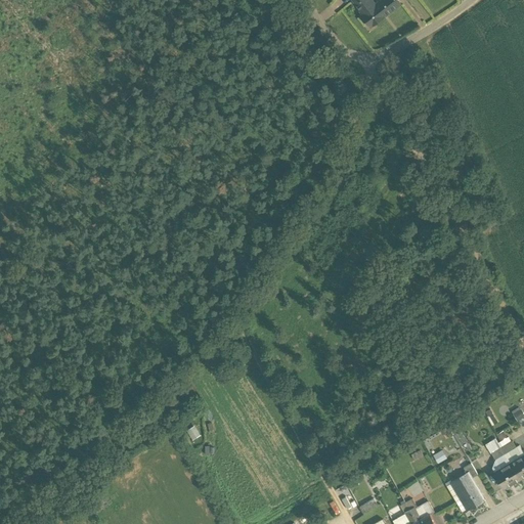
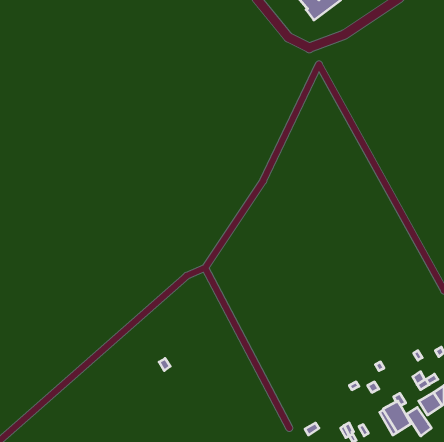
building: none -> [407,407,431,436]

